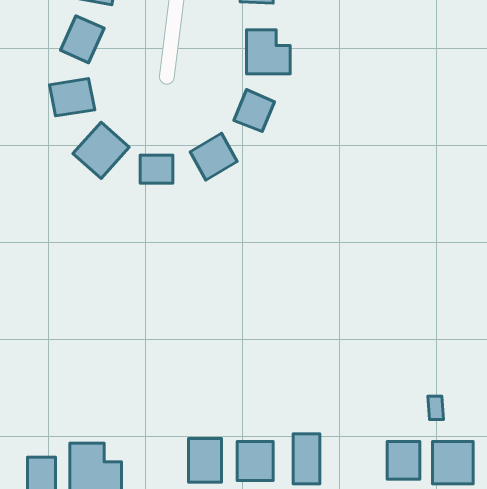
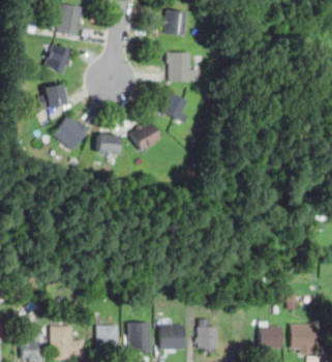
building: none -> [97,324,118,345]

